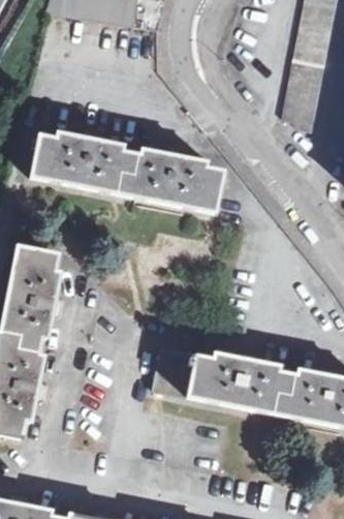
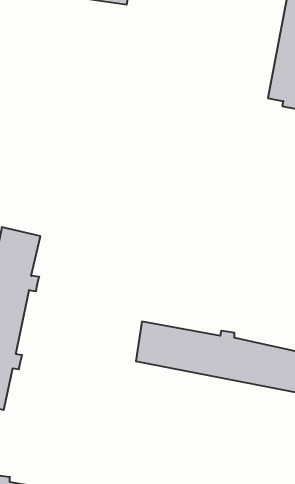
building: [32,139,222,209] -> none

